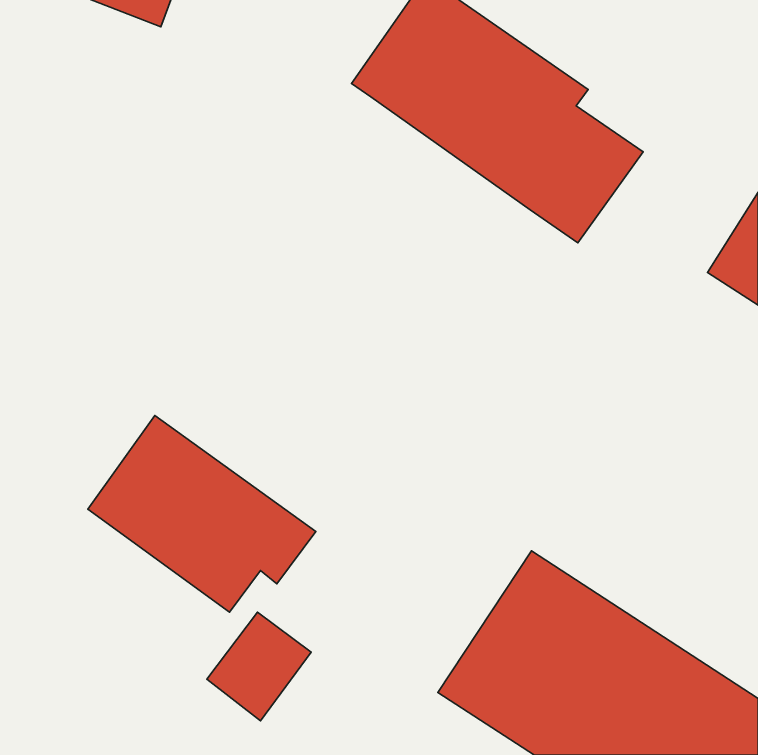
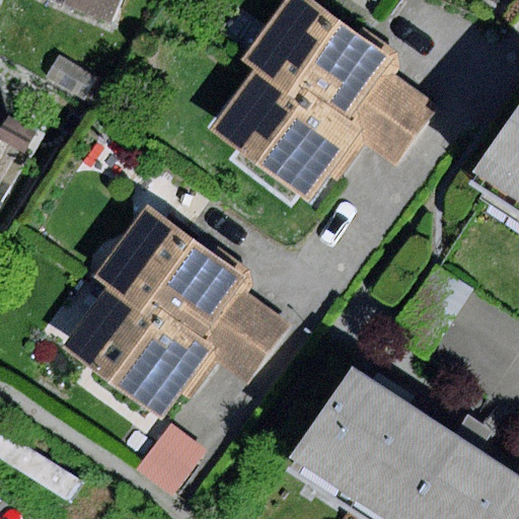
building: none -> [208,66,361,199]
building: none -> [92,200,288,382]

